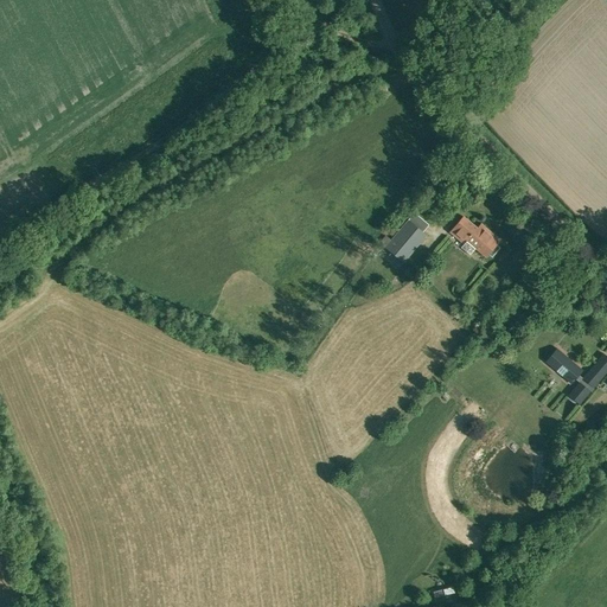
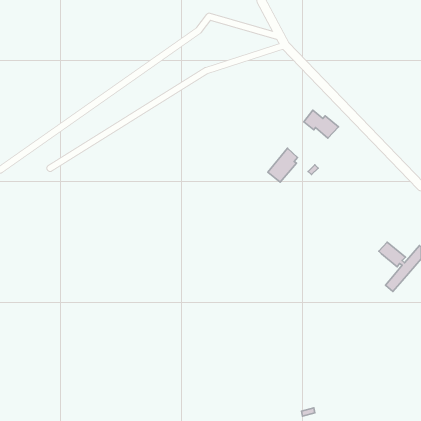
building: [451,216,500,256] -> [304,110,338,138]

